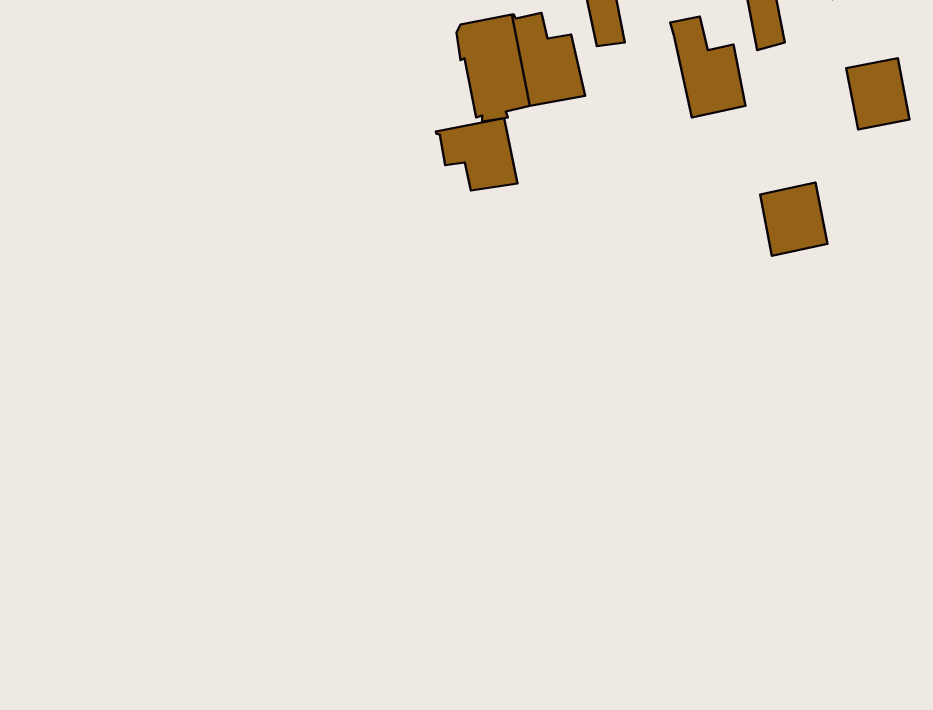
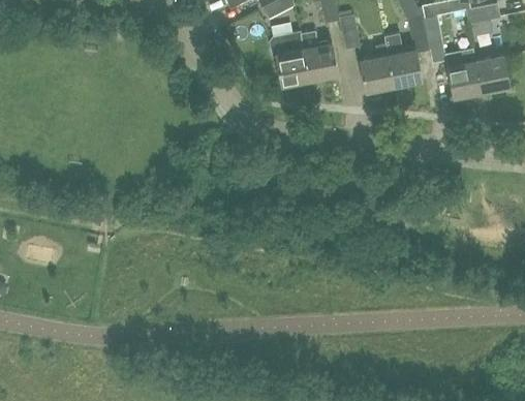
building: none -> [361,44,396,93]
building: [436,118,518,190] -> none
building: [760,182,827,256] -> [447,61,483,99]

